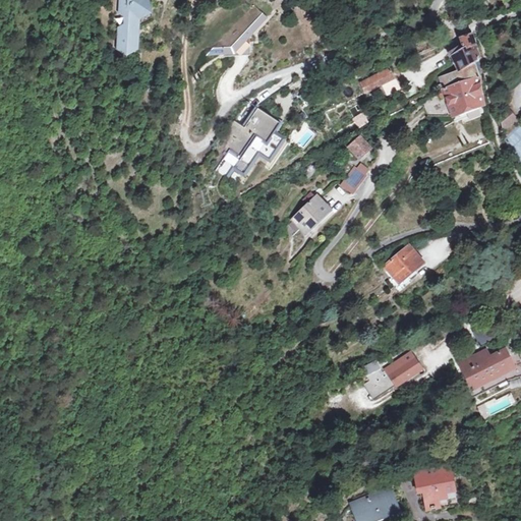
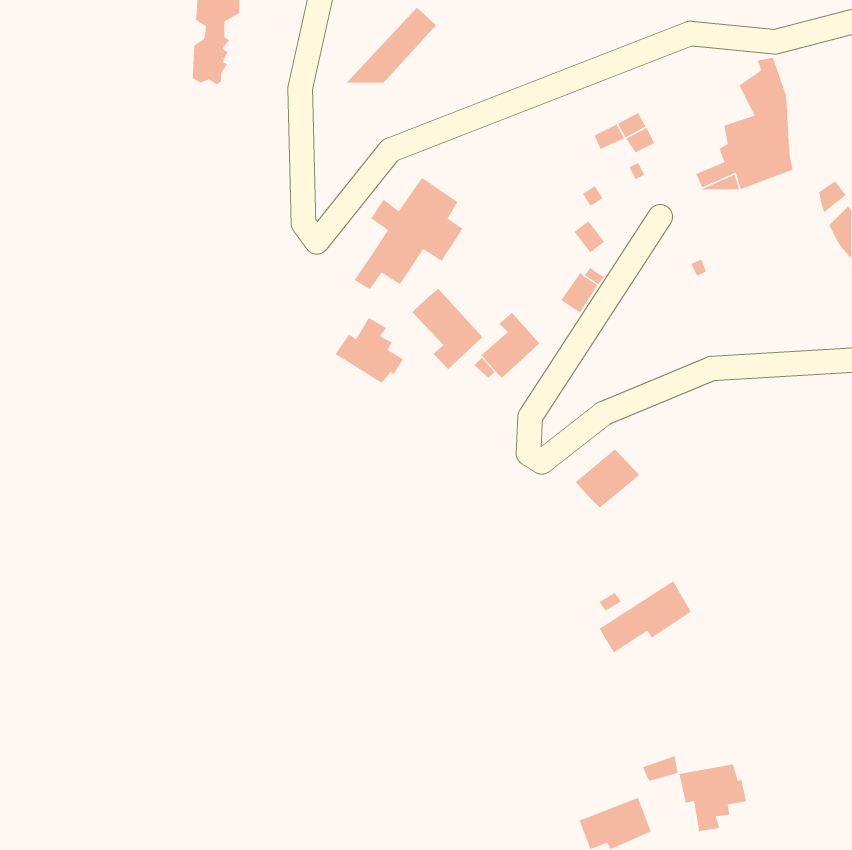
building: none -> [411,288,483,370]
building: none -> [335,317,404,384]
building: [386,245,425,282] -> [575,449,640,509]
building: [461,346,513,385] -> none

